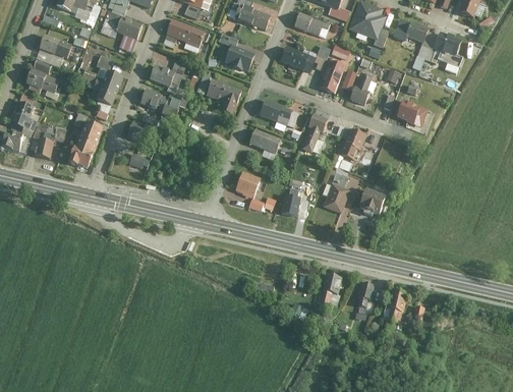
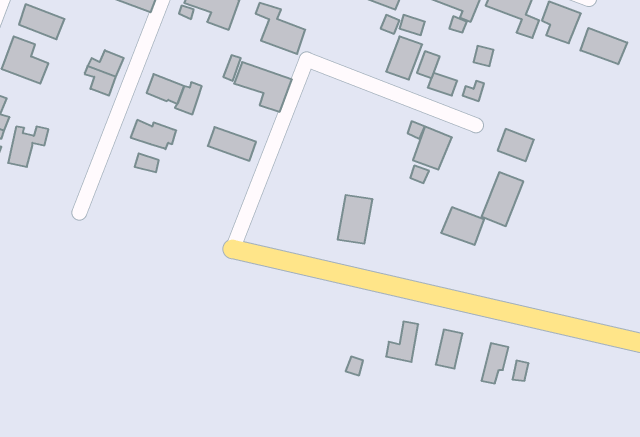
building: [279,46,318,72] -> none
building: none -> [580,28,627,64]
building: [146,64,177,92] -> none
building: [397,99,424,123] -> [498,129,534,161]
building: [259,100,298,127] -> none
building: [298,114,331,154] -> none
building: [65,122,99,166] -> none
building: [248,128,285,154] -> [208,127,256,161]
building: [233,172,264,200] -> none
building: [323,172,354,213] -> [482,172,523,226]

